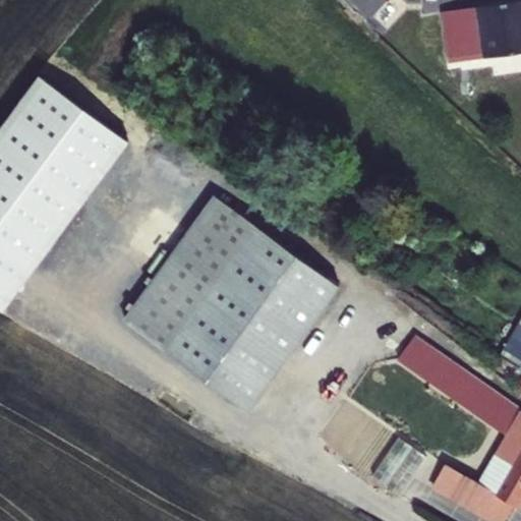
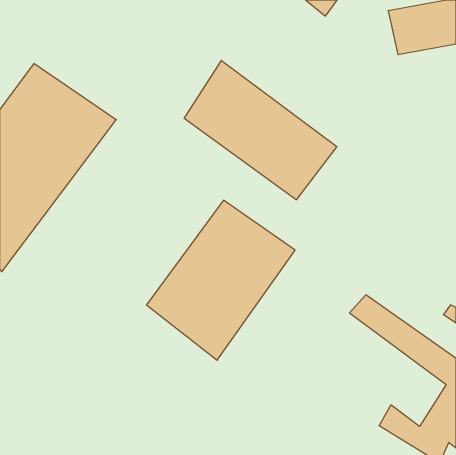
building: none -> [184,60,337,200]
building: [125,198,254,349] -> none

